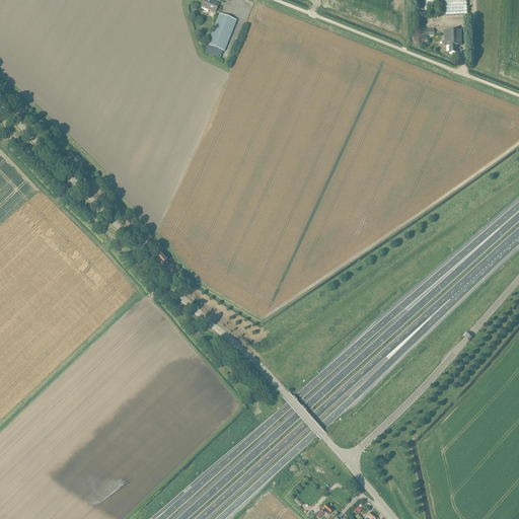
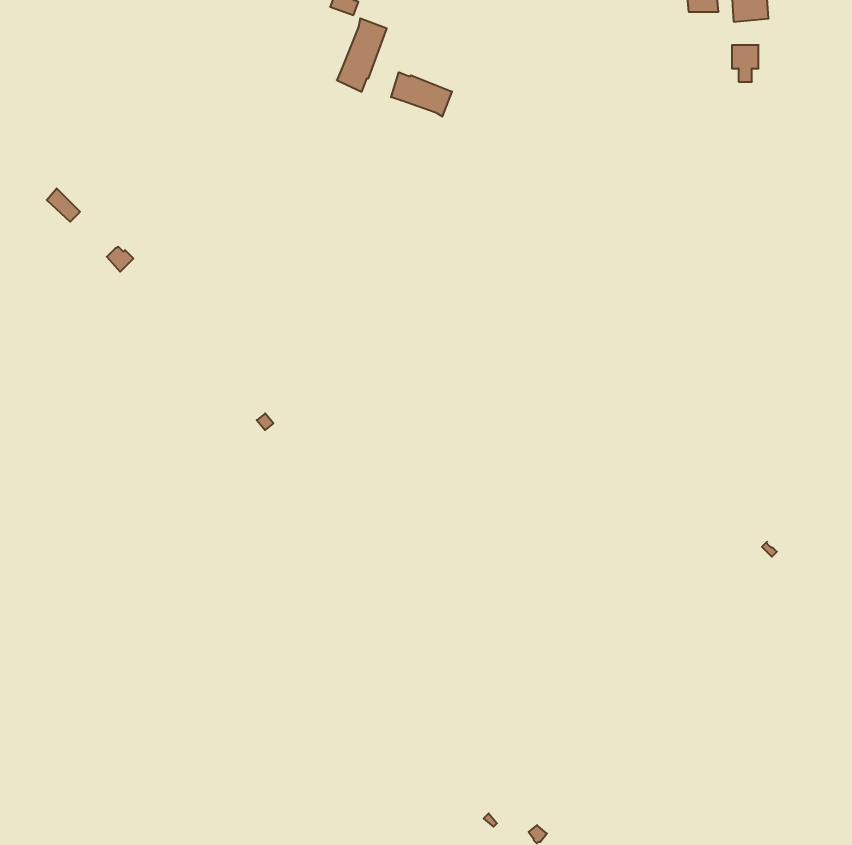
building: none -> [391,72,452,117]

